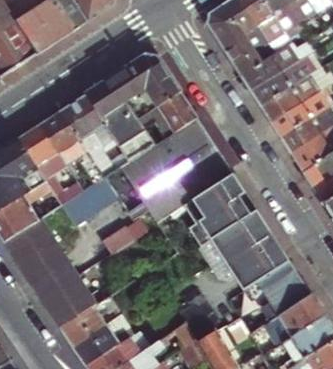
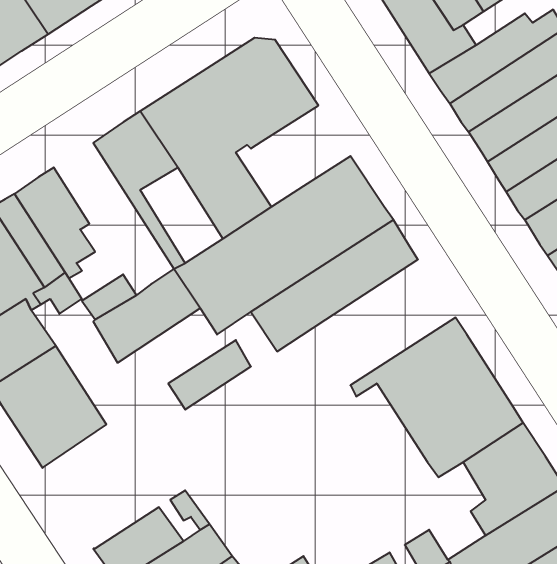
building: [150,90,197,133] -> none
building: [39,110,103,185] -> none
building: [184,172,253,239] -> none
building: [33,260,95,326] -> none

